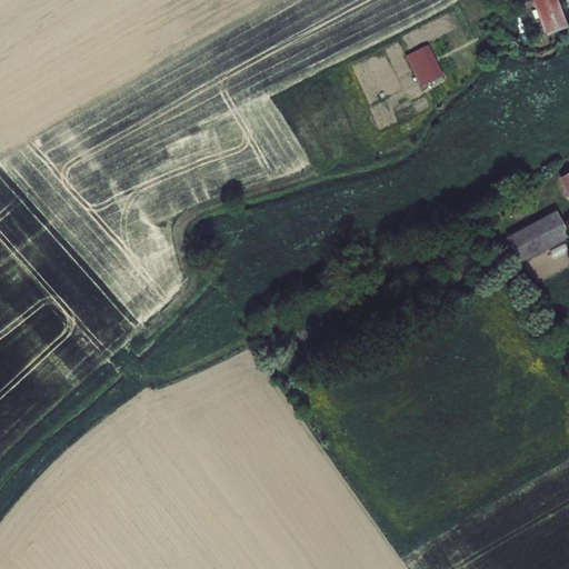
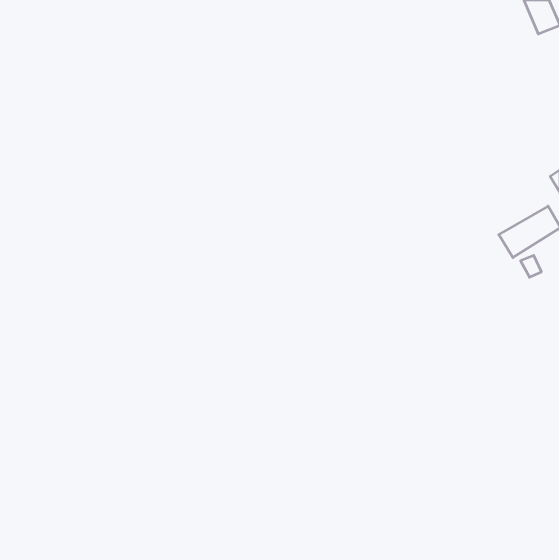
building: [407,46,445,87] -> none

